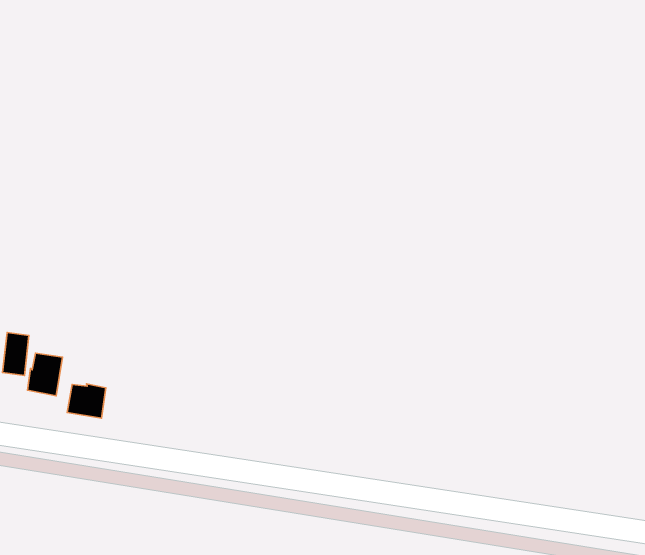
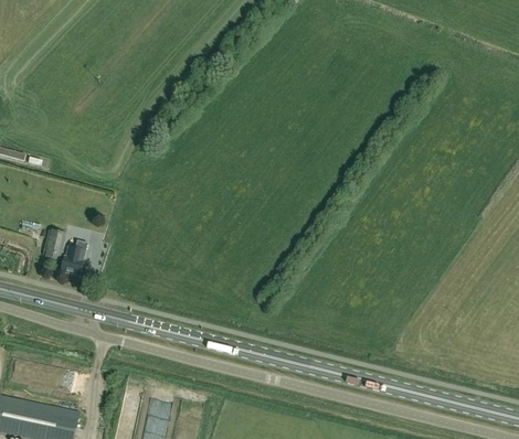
building: [67,384,106,418] -> none

